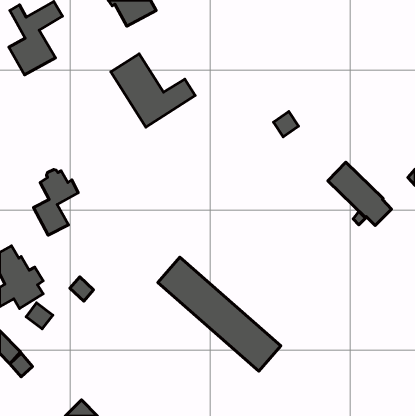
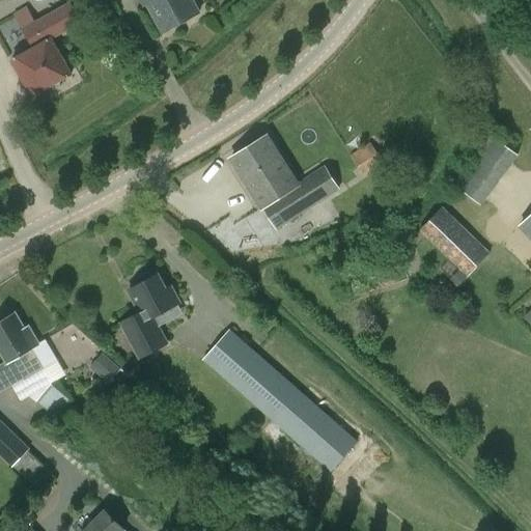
building: [111,54,195,127] -> [230,136,338,229]
building: none -> [455,134,516,203]
building: [34,169,78,235] -> [117,274,174,358]

